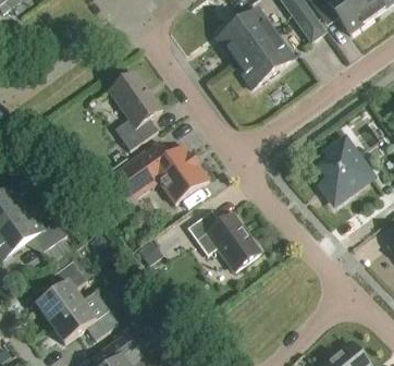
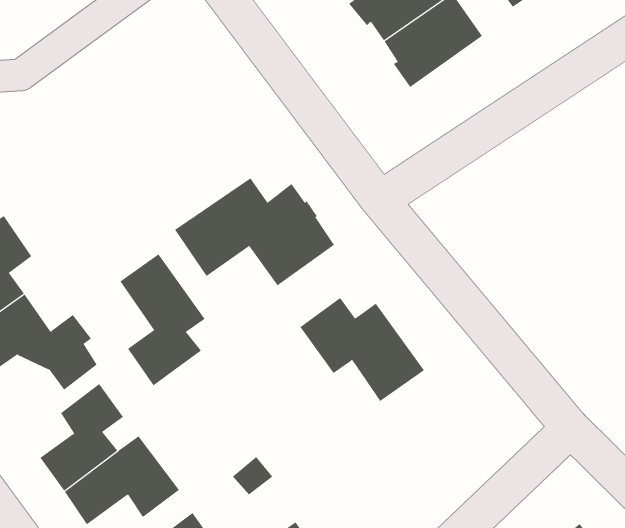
building: [111,72,161,149] -> [120,253,206,386]
building: [319,138,372,202] -> none

